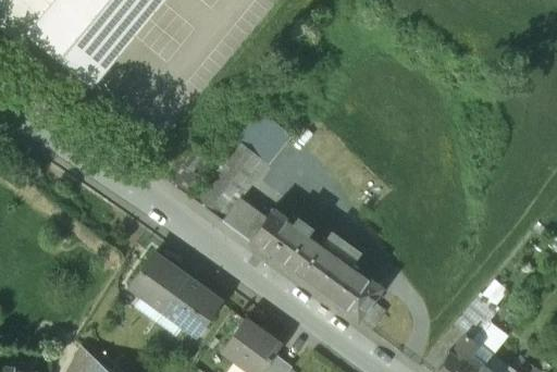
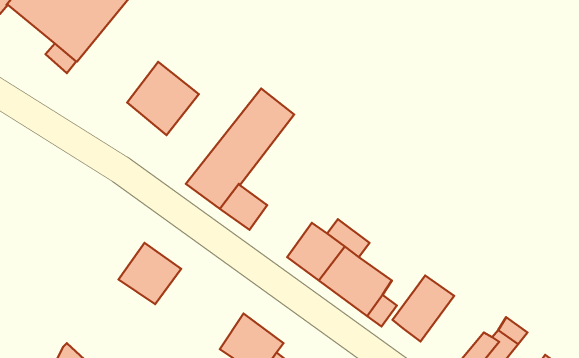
building: none -> [127,62,199,135]
building: [249,210,310,266] -> none
building: [162,277,219,334] -> none
building: none -> [392,275,454,342]

